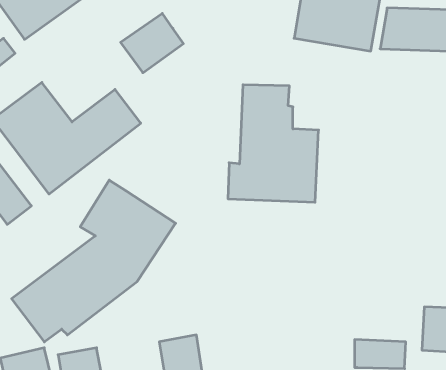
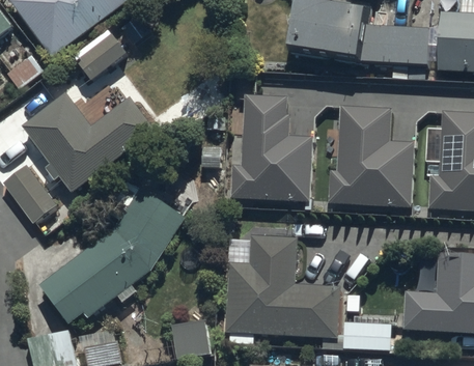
building: [121,13,183,73] -> [71,28,127,81]
building: none -> [327,107,413,205]
building: none -> [226,236,340,341]

